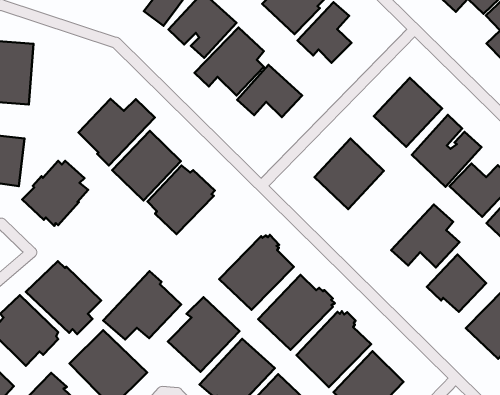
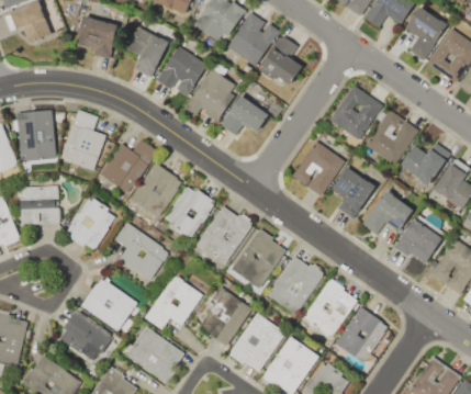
building: none -> [59,110,106,171]
building: none -> [330,168,375,218]
building: none -> [194,205,251,267]
building: none -> [114,222,170,282]

